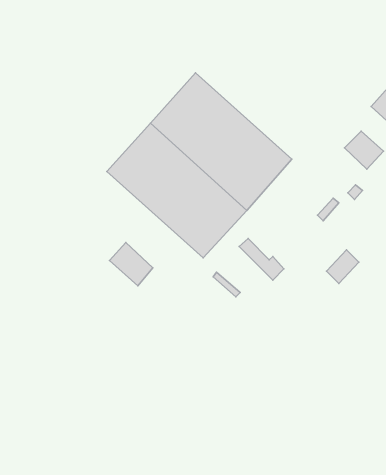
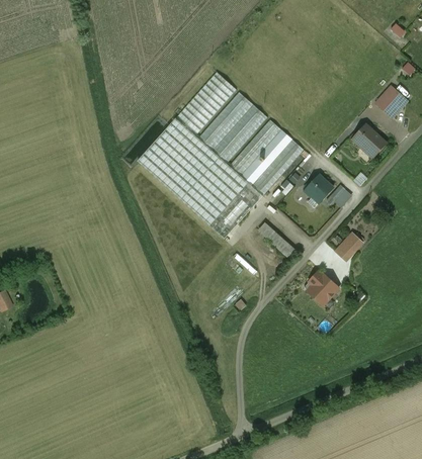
building: none -> [305,174,333,202]
building: [110,242,153,286] -> none
building: none -> [309,270,339,304]

